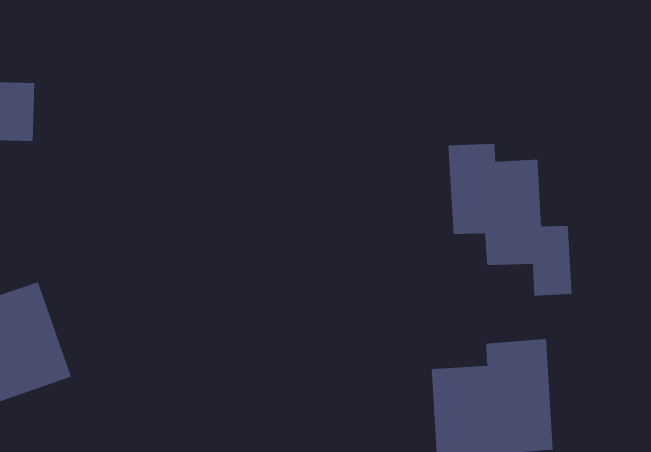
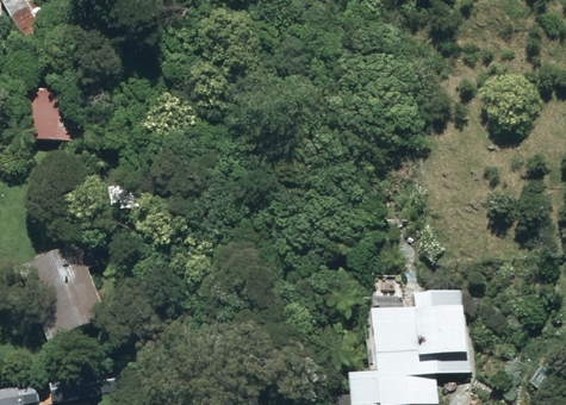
building: [448,143,572,297] -> none

